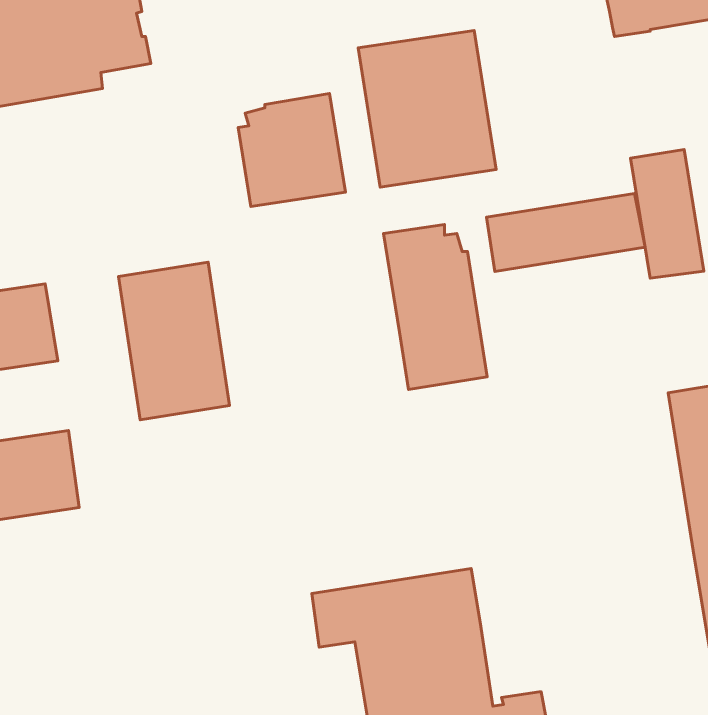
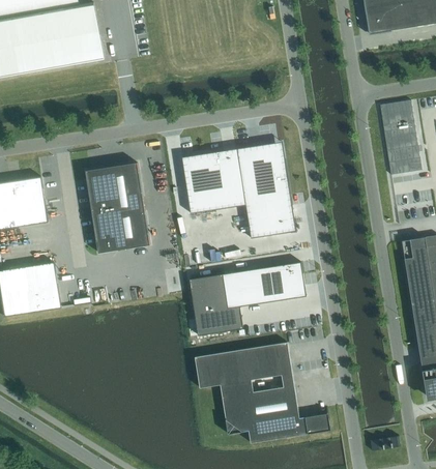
building: [358,30,496,187] -> none
building: [238,94,346,206] -> [184,148,246,213]
building: [486,193,645,272] -> none
building: none -> [190,262,303,335]

